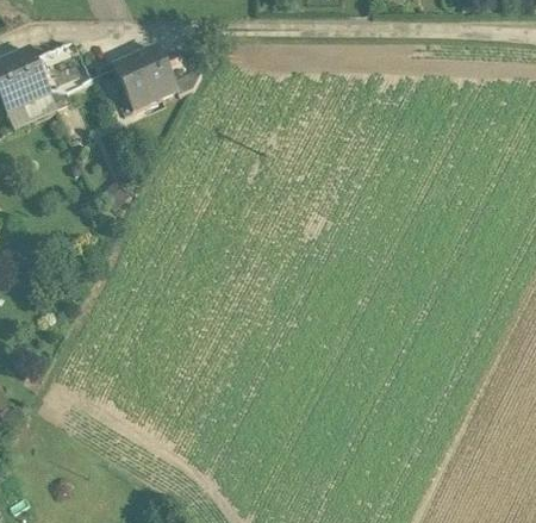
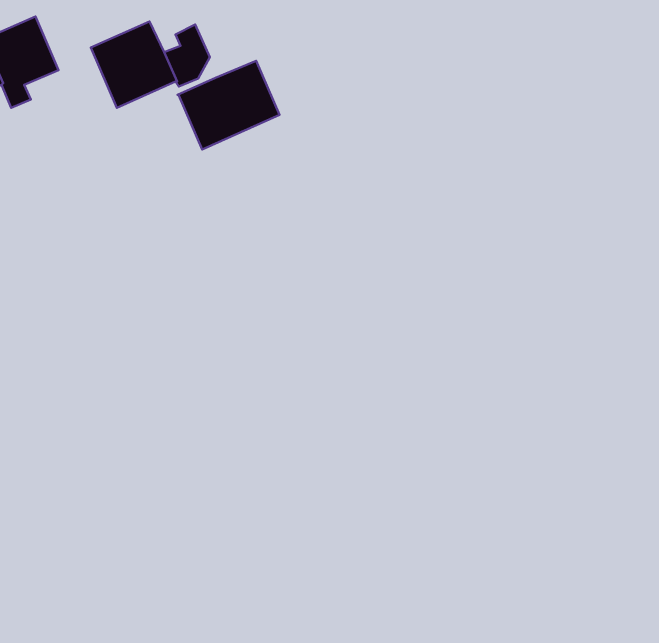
building: none -> [178,61,279,150]

